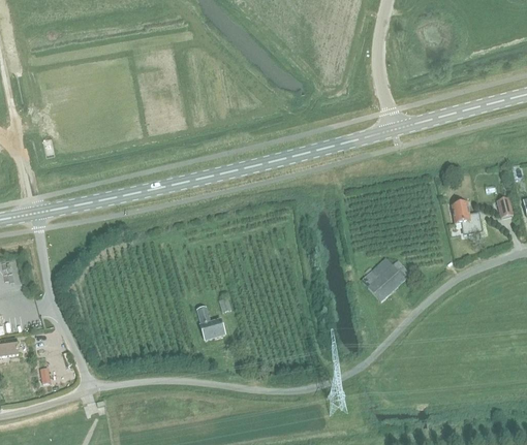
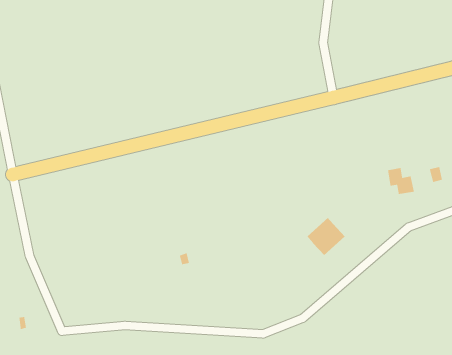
building: [197,307,225,340] -> none

